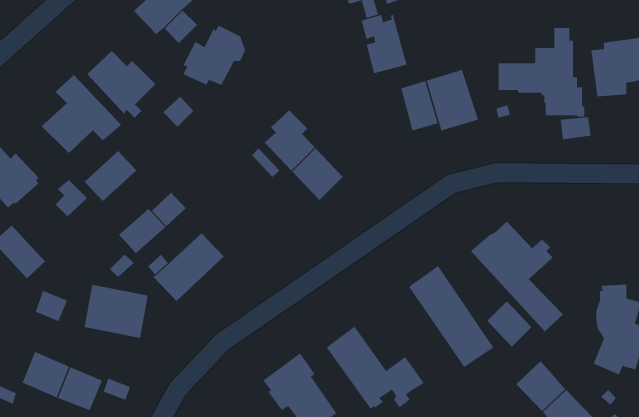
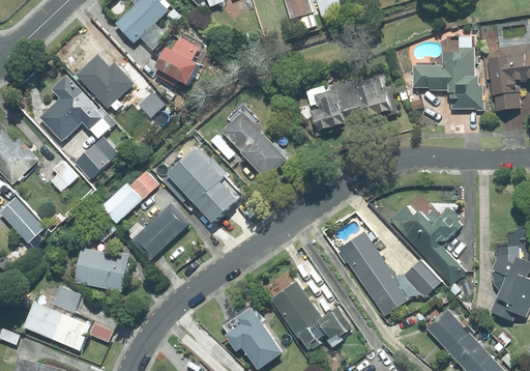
building: [361,14,408,74] -> [305,86,344,135]
building: [560,117,591,140] -> [494,91,520,110]
building: none -> [161,147,240,222]
building: [35,290,68,322] -> [53,286,80,312]

